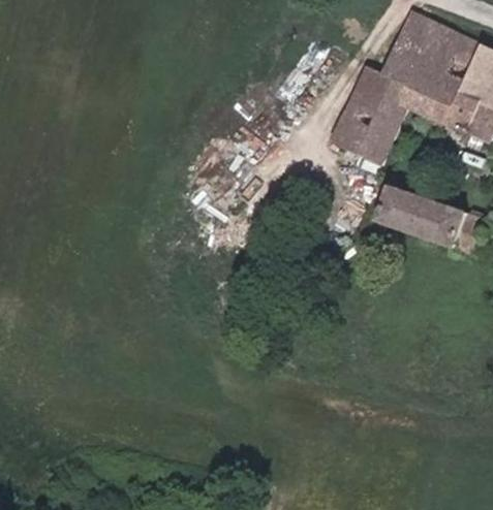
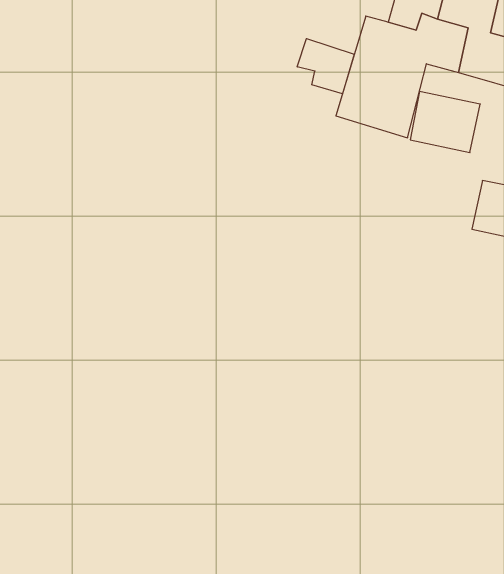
building: none -> [297,39,354,94]
building: [378,187,436,240] -> [410,91,480,153]

